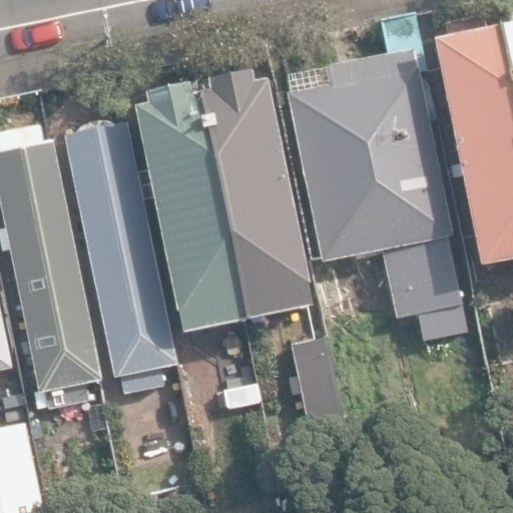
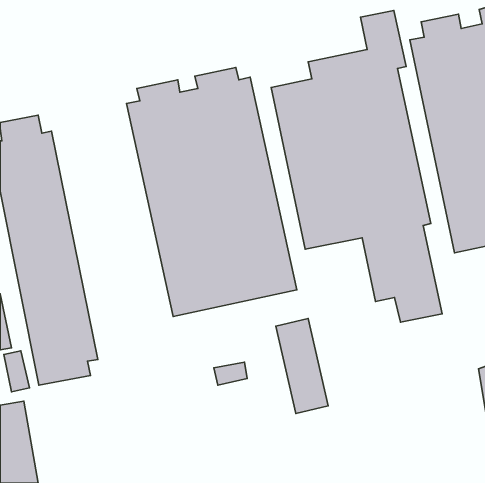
building: [65,120,175,393] -> none

